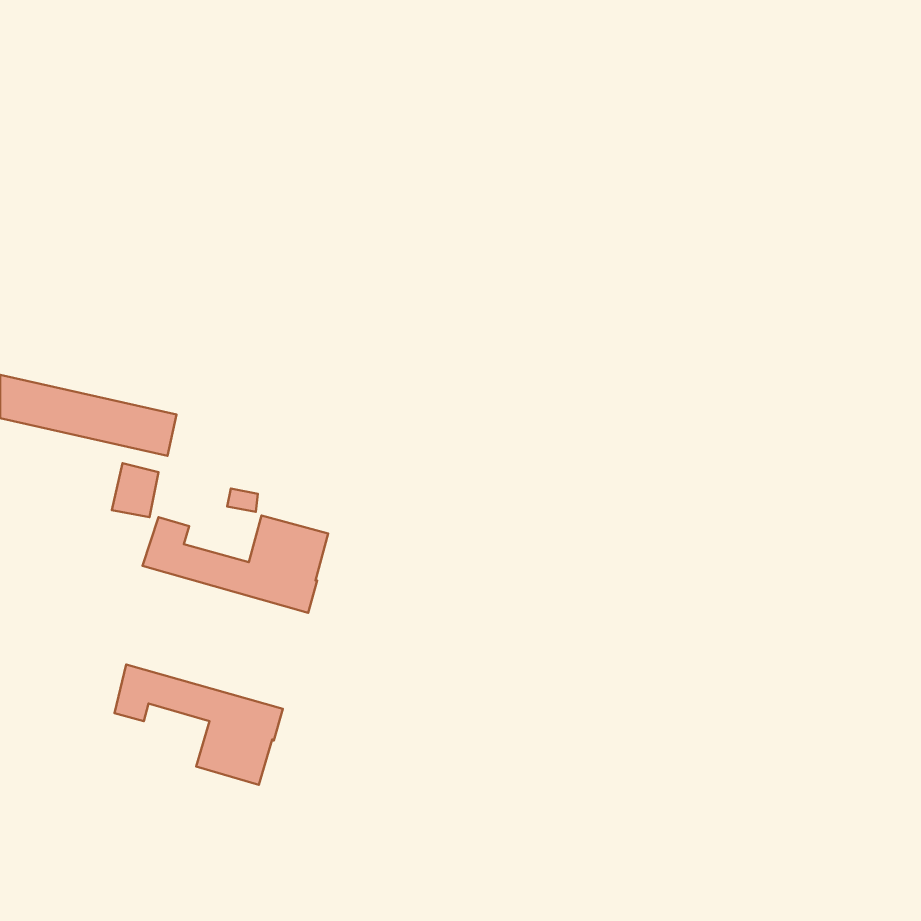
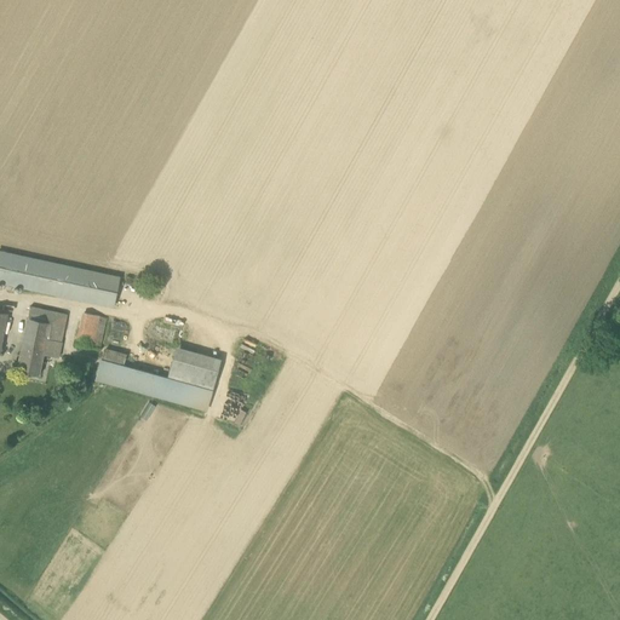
building: none -> [17,306,67,375]
building: [115,665,283,785] -> none

